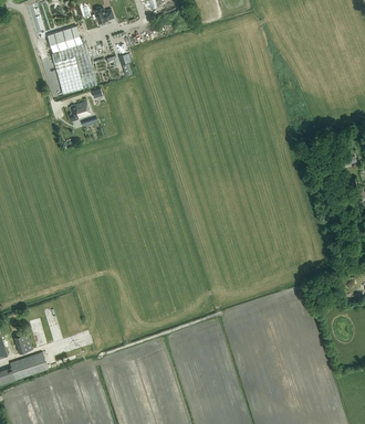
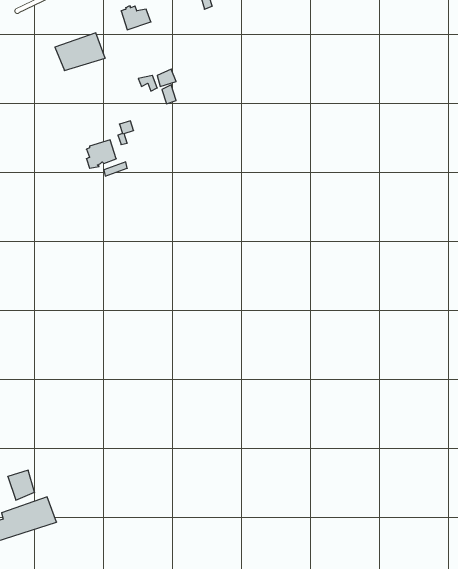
building: [54,56,84,94] -> none

